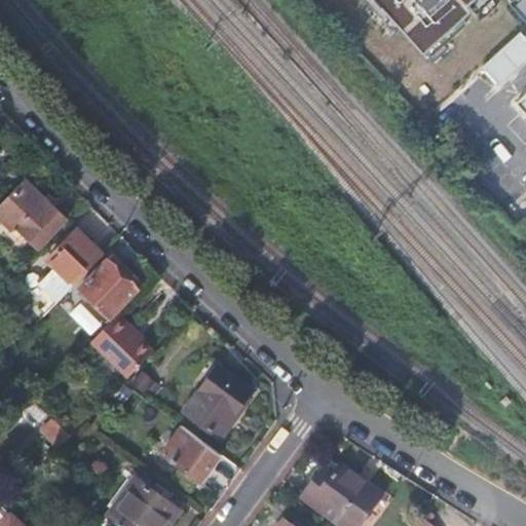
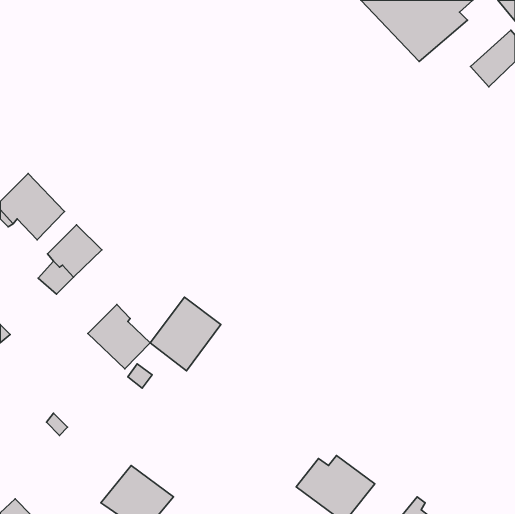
building: [80,260,136,315] -> none
building: [180,366,252,441] -> [150,297,221,371]
building: [162,424,220,481] -> none

